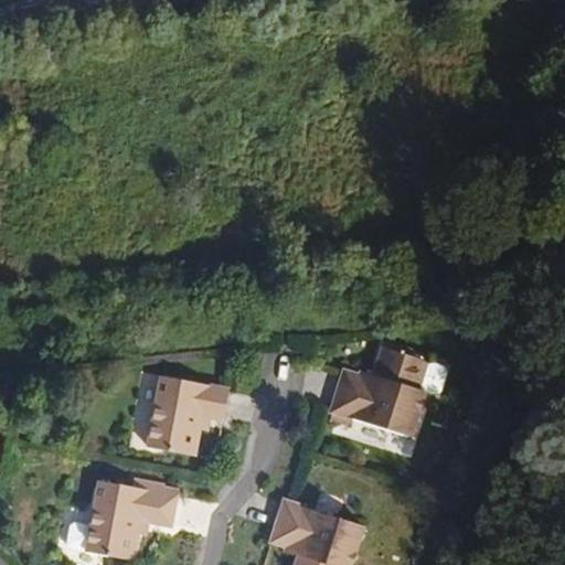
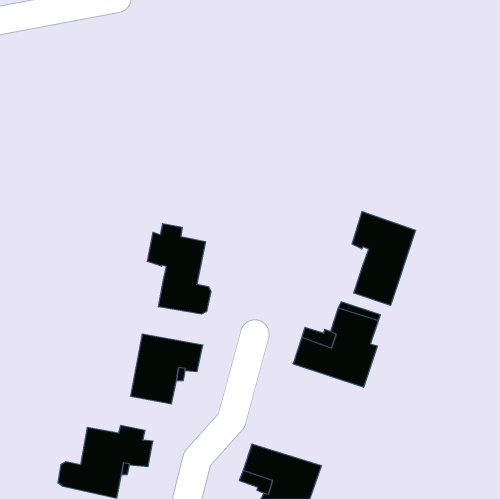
building: none -> [352,211,415,305]
building: none -> [147,224,211,314]

